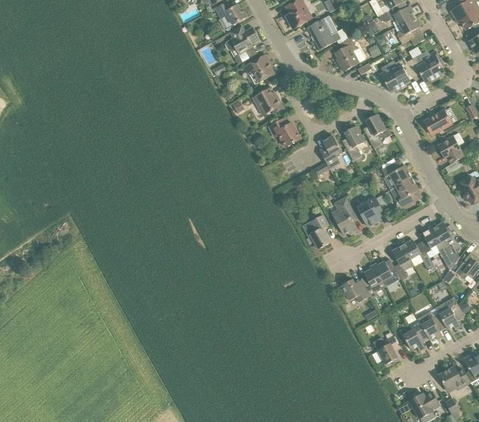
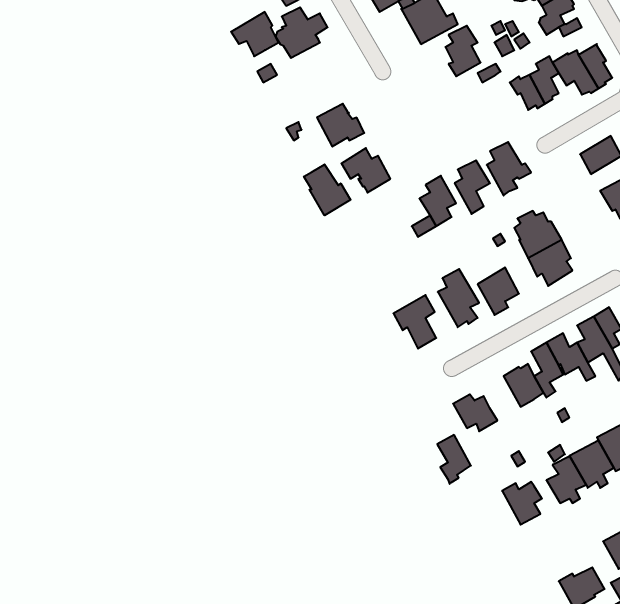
building: [243,53,274,82] -> [231,12,279,56]
building: none -> [304,164,351,215]
building: [363,266,385,298] -> [437,435,471,484]

